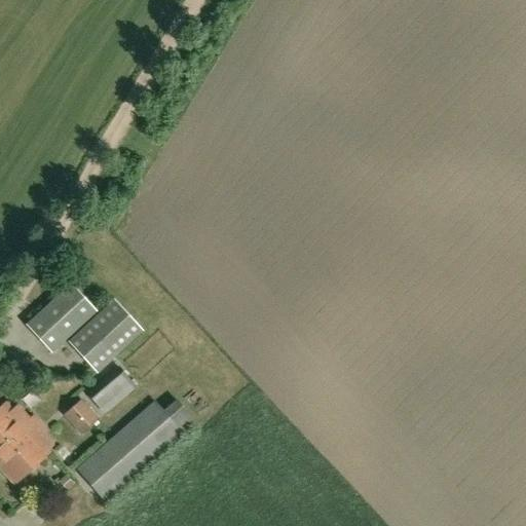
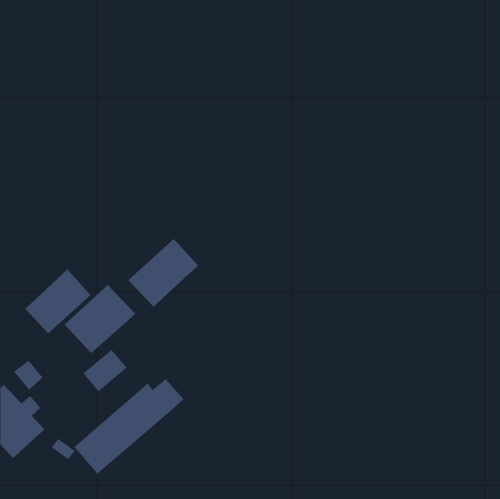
building: none -> [128,238,199,307]
building: [64,399,96,430] -> [13,360,43,390]

